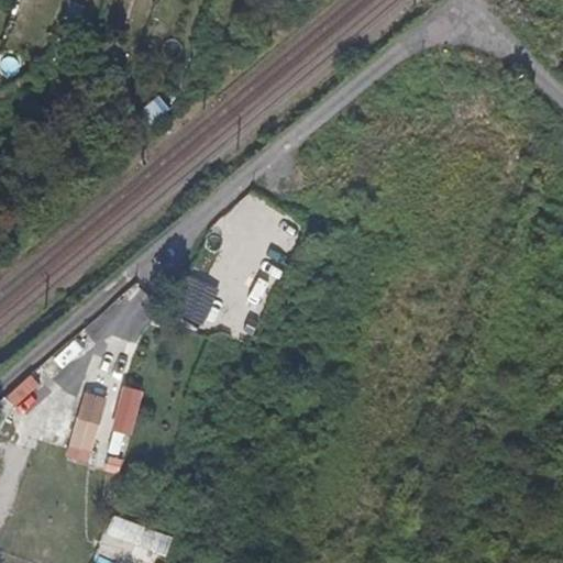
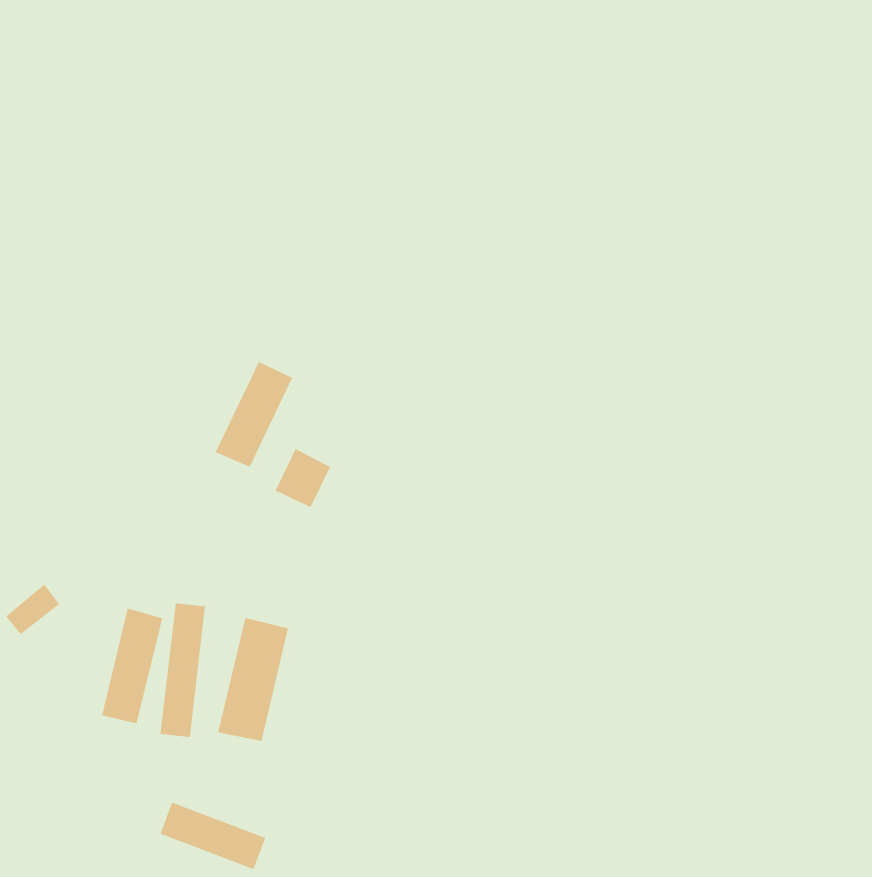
building: none -> [214,361,293,468]
building: none -> [217,617,289,742]

